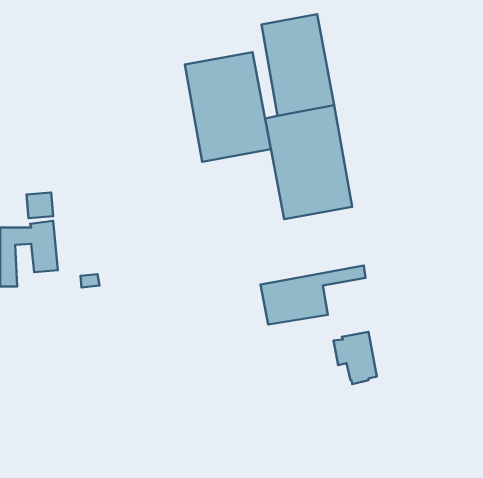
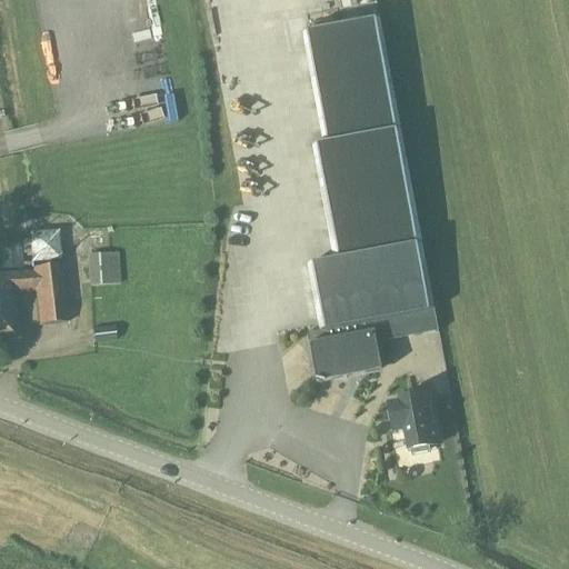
building: [185,52,271,162] -> none
building: none -> [311,242,428,330]
building: none -> [89,250,121,280]

